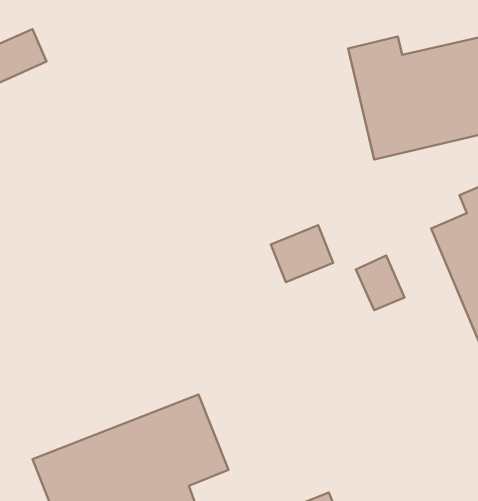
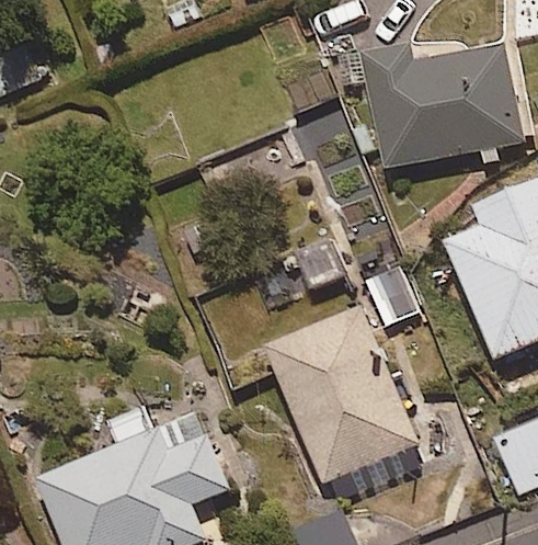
building: none -> [227,306,423,500]

